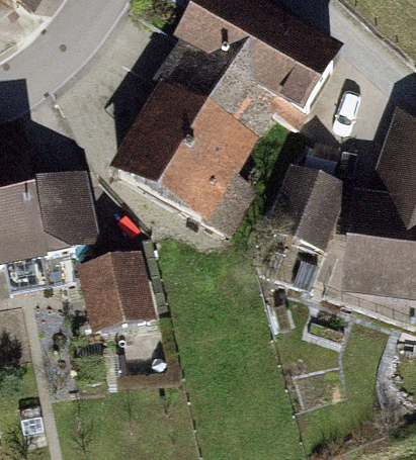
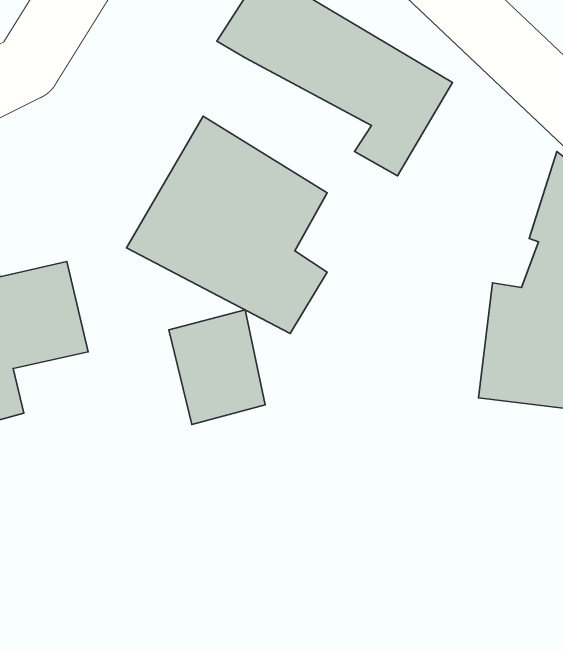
building: [170,48,281,136] -> none
building: [272,172,348,245] -> none
building: [87,252,151,328] -> [169,310,265,425]

